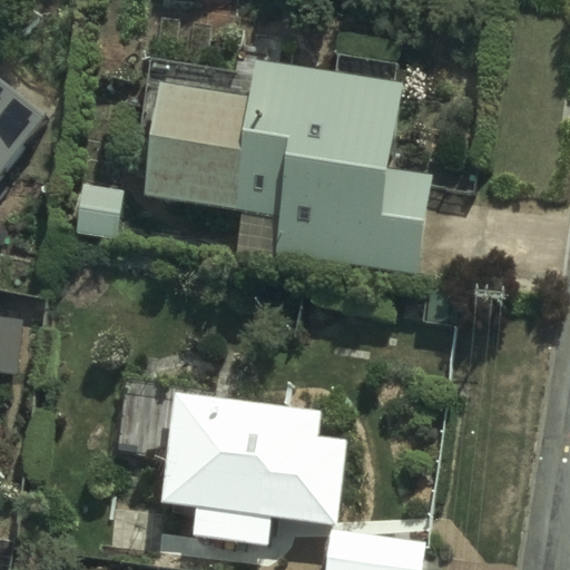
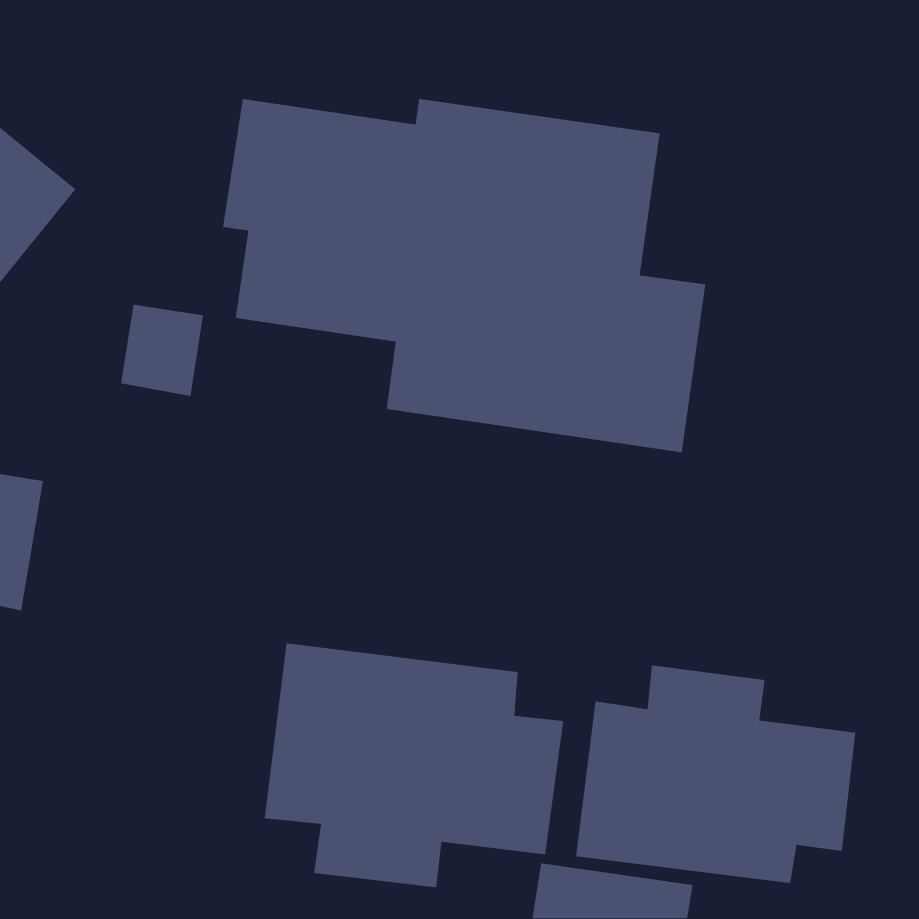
building: none -> [575,665,856,884]

